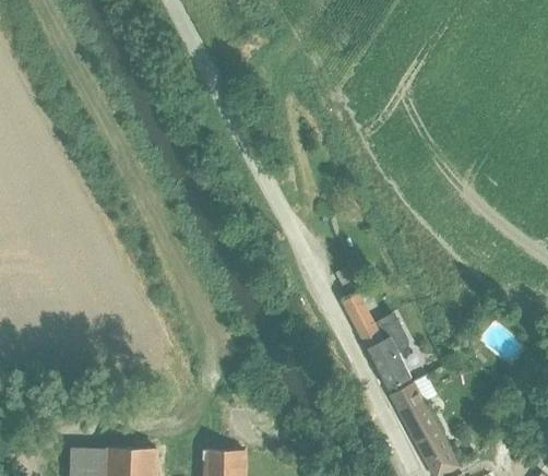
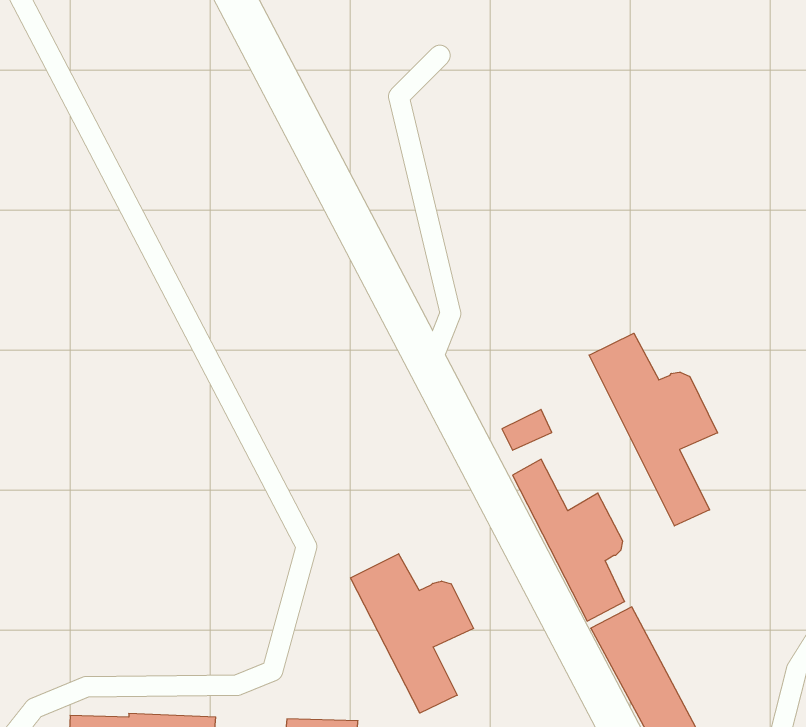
building: none -> [589,333,718,526]
building: none -> [351,554,474,713]

